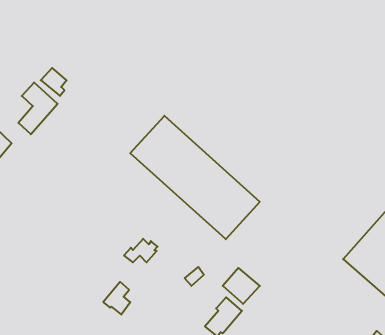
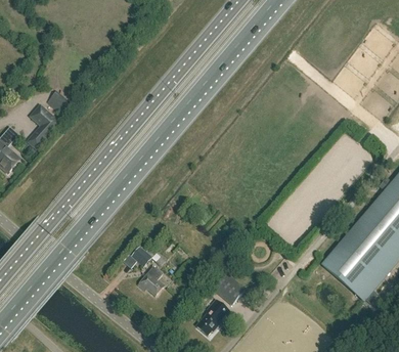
building: [130,116,260,239] -> none
building: [103,282,130,315] -> [138,265,163,295]

